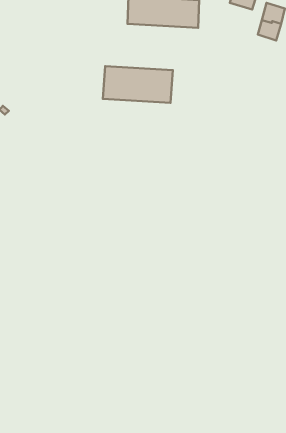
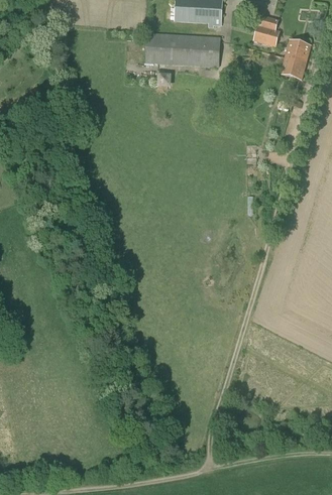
building: [103,66,173,103] -> none

